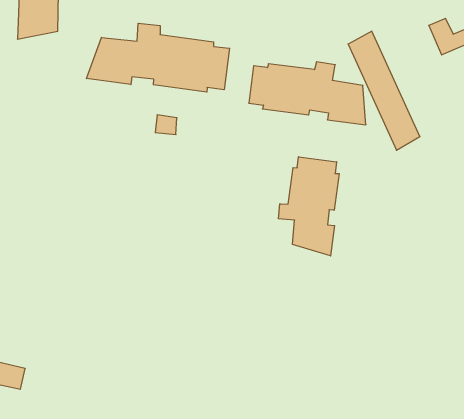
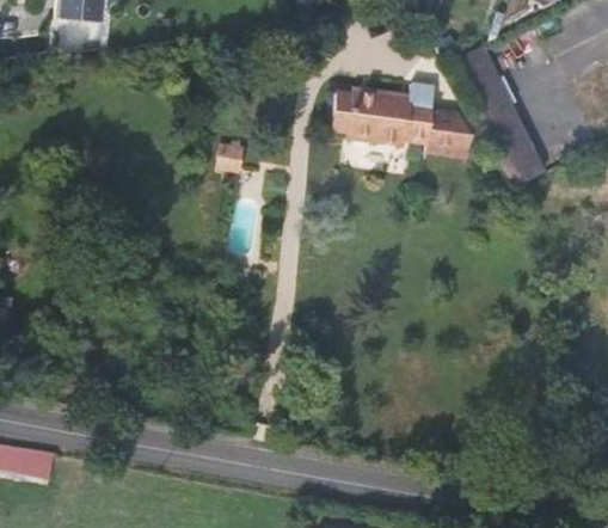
building: [87,23,230,92] -> none
building: [278,157,339,256] -> none

